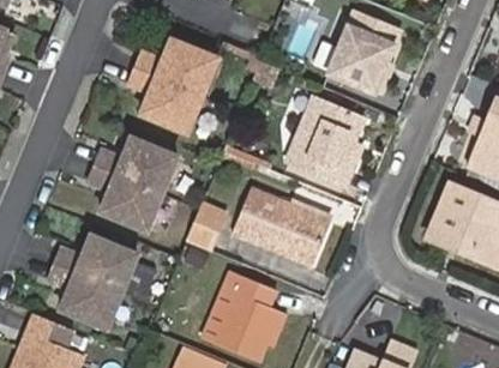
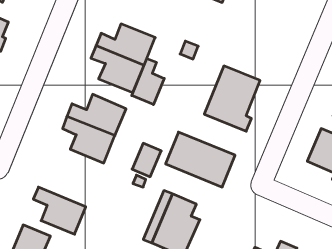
building: [330,10,402,92] -> none
building: none -> [132,58,164,105]
building: [55,235,137,292] -> none

